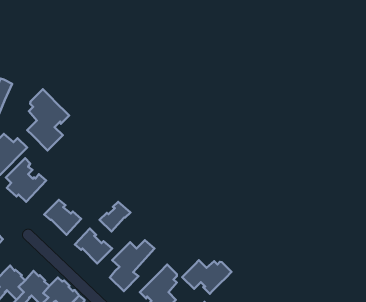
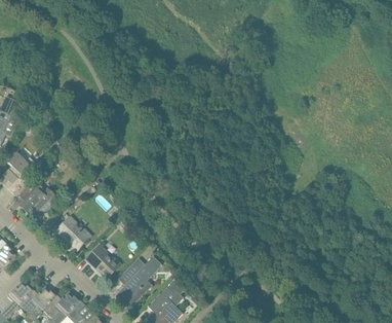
building: [27,89,69,150] -> none
building: [100,202,130,231] -> none
building: [182,260,232,294] -> none

